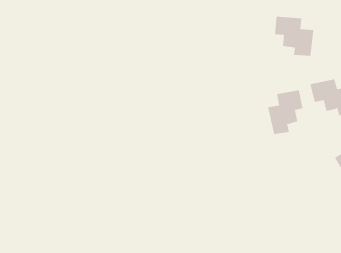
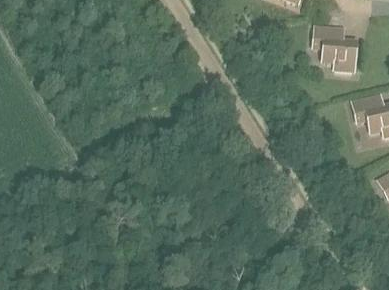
building: [268,89,303,135] -> none

